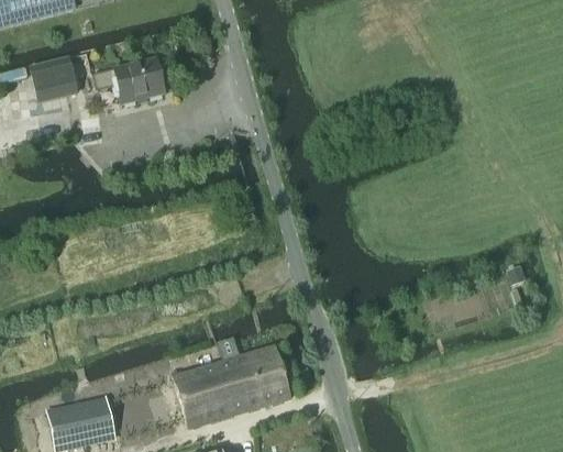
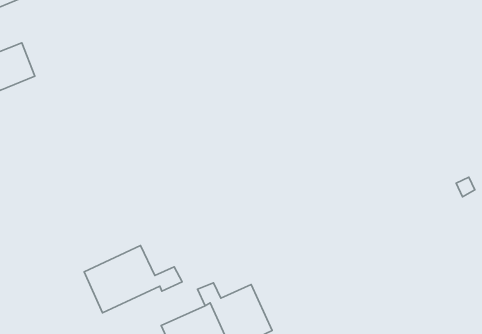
building: [91,59,166,102] -> none
building: none -> [84,246,182,313]

